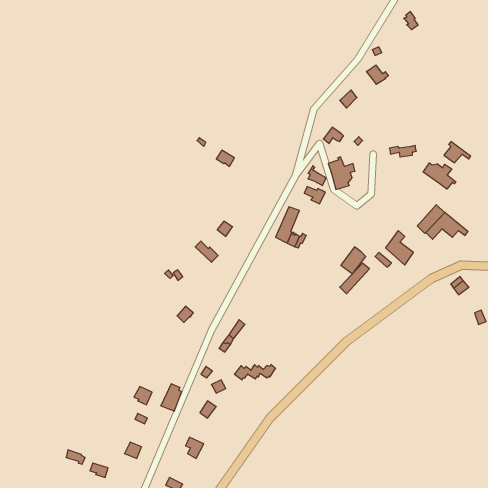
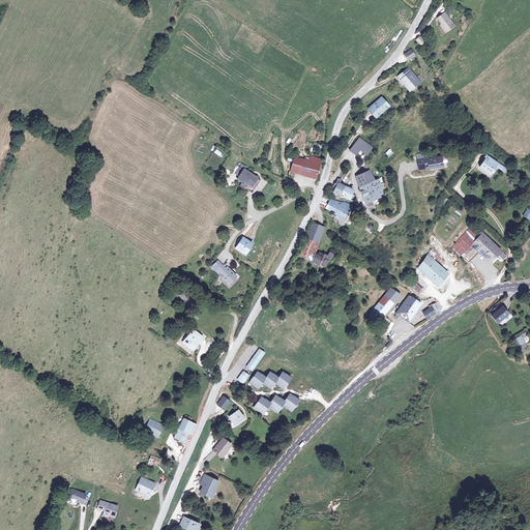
building: none -> [291,156,321,178]
building: [423,163,456,189] -> none
building: [341,247,366,274] -> [394,291,421,320]
building: none -> [249,371,290,387]

